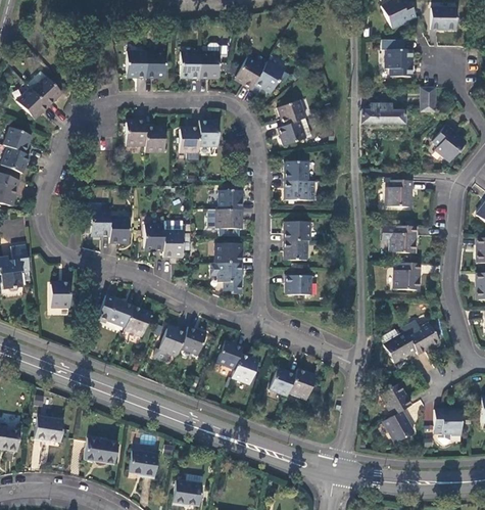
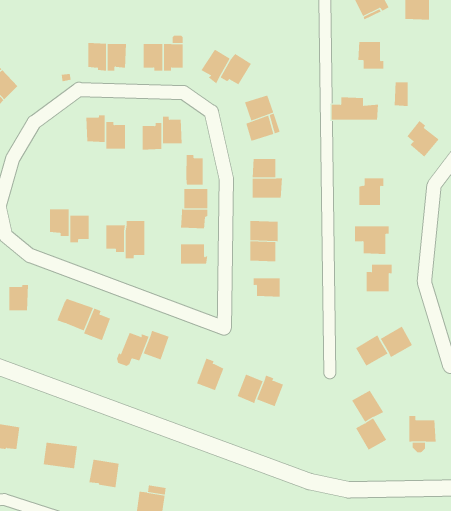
building: none -> [186,154,203,185]
building: [211,263,242,292] -> none
building: [217,341,243,369] -> none

